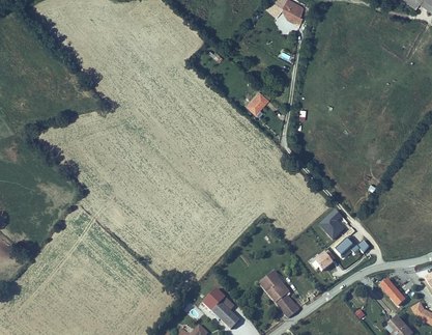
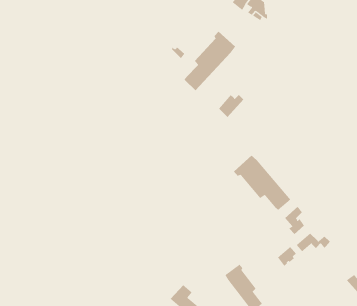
building: none -> [184,31,236,91]
building: none -> [233,155,291,211]

